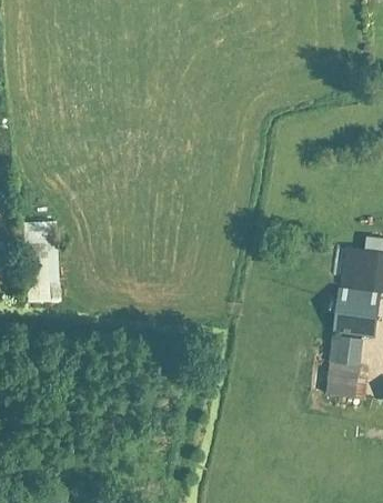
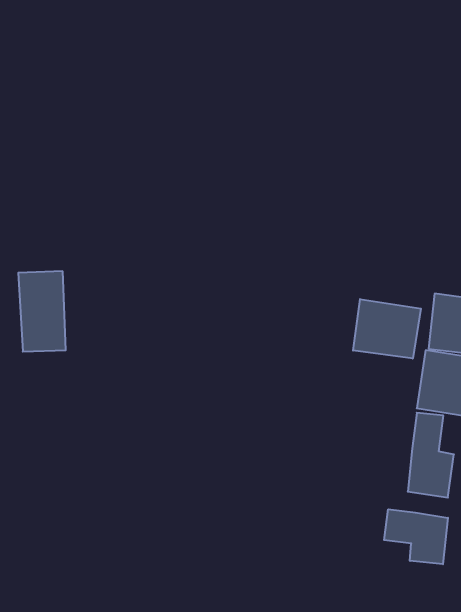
building: none -> [353,299,421,359]
building: none -> [384,509,448,564]

